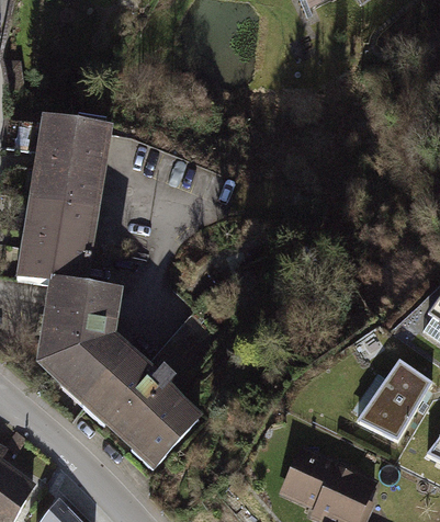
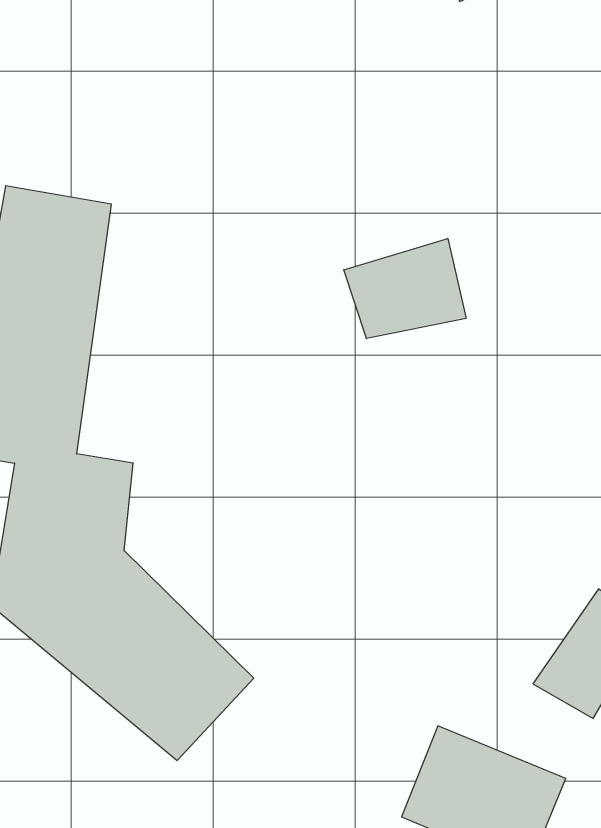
building: none -> [344,238,466,339]

